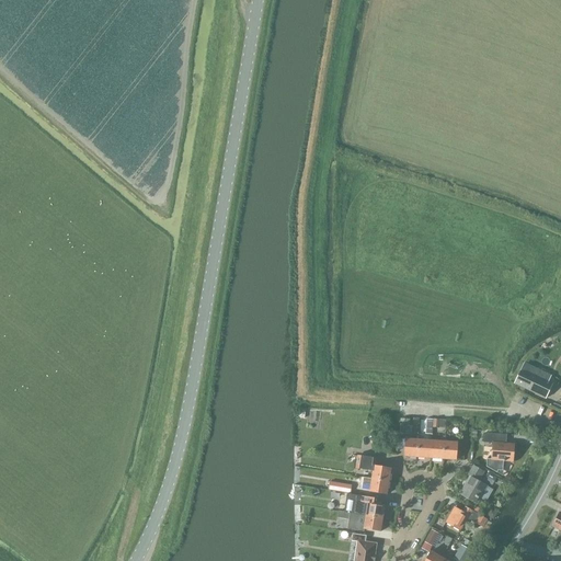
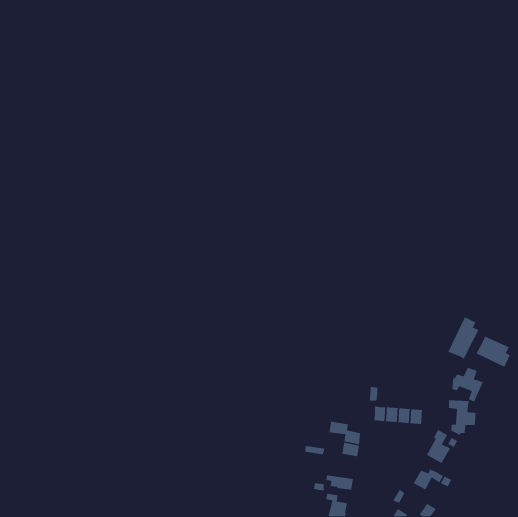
building: none -> [447,316,480,360]
building: none -> [452,367,484,403]
building: [353,494,385,517] -> none

